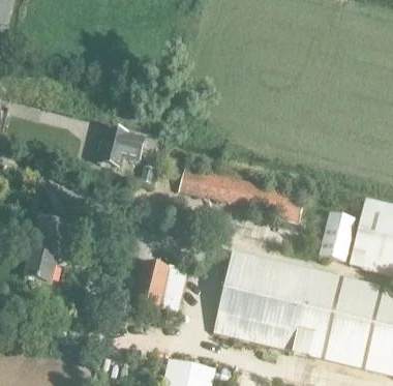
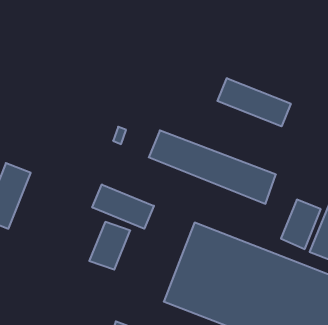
building: none -> [217,78,291,126]
building: [99,128,144,167] -> none
building: none -> [92,184,154,229]

